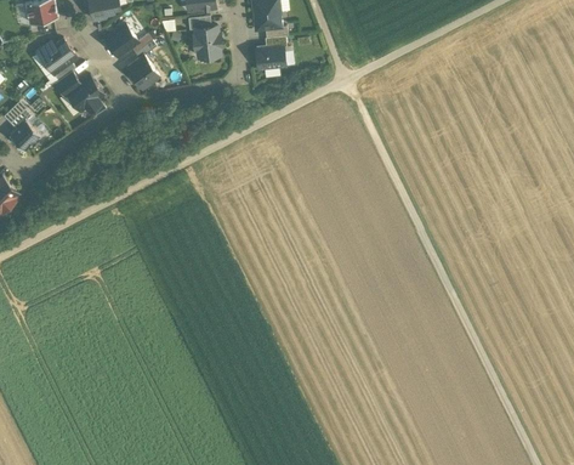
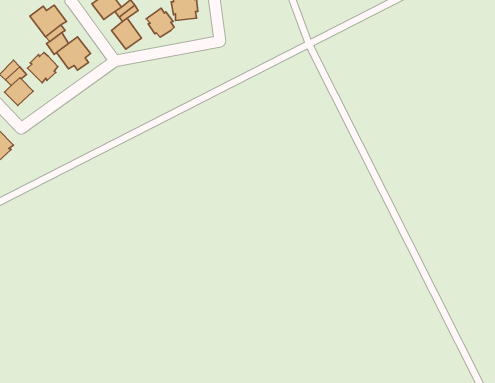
building: none -> [146,8,174,37]
building: [255,44,286,67] -> none
building: none -> [27,53,58,83]

